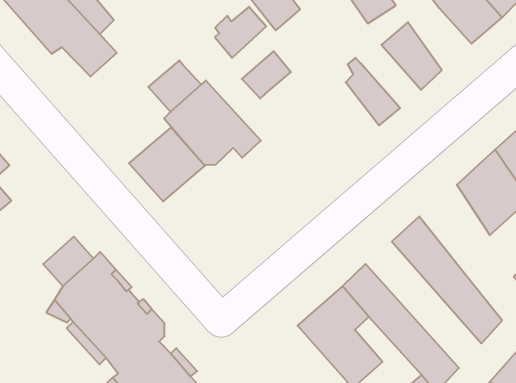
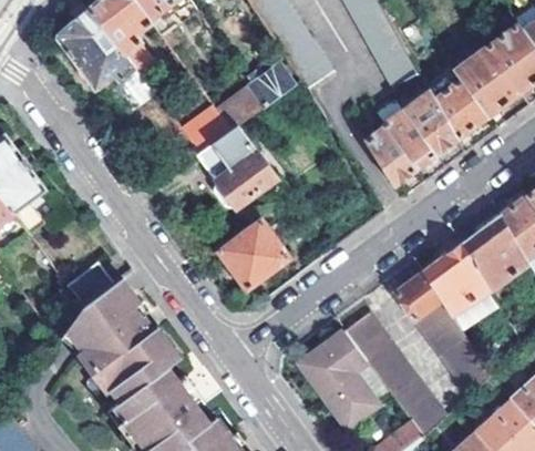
building: none -> [434,79,486,136]
building: none -> [381,107,435,168]
building: [242,51,291,99] -> [215,86,261,130]
building: [129,128,205,202] -> [217,218,288,287]
building: none -> [423,245,498,334]

